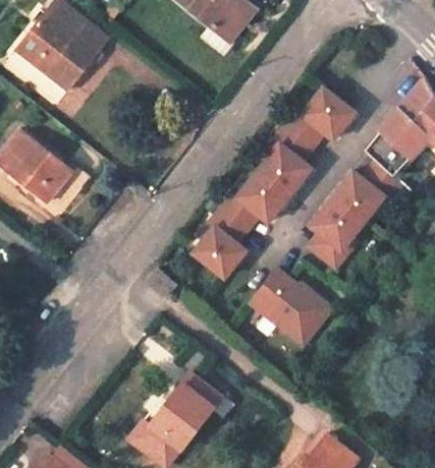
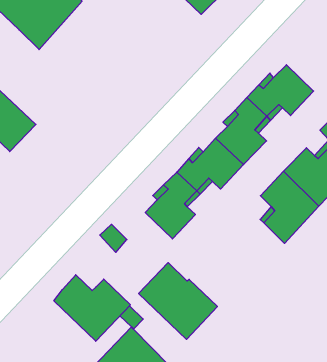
building: [249,270,331,347] -> [139,263,217,339]
building: none -> [54,275,130,341]

